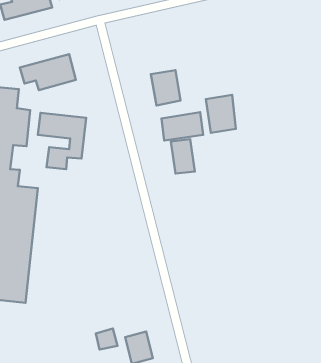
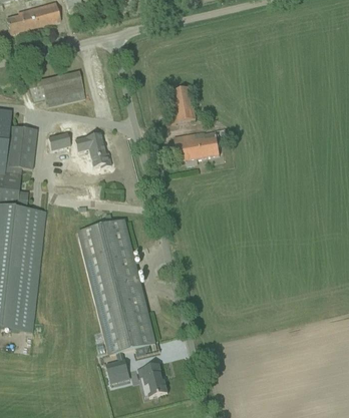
building: [206,95,236,133] -> none
building: [171,139,195,174] -> none
building: none -> [78,220,155,356]

